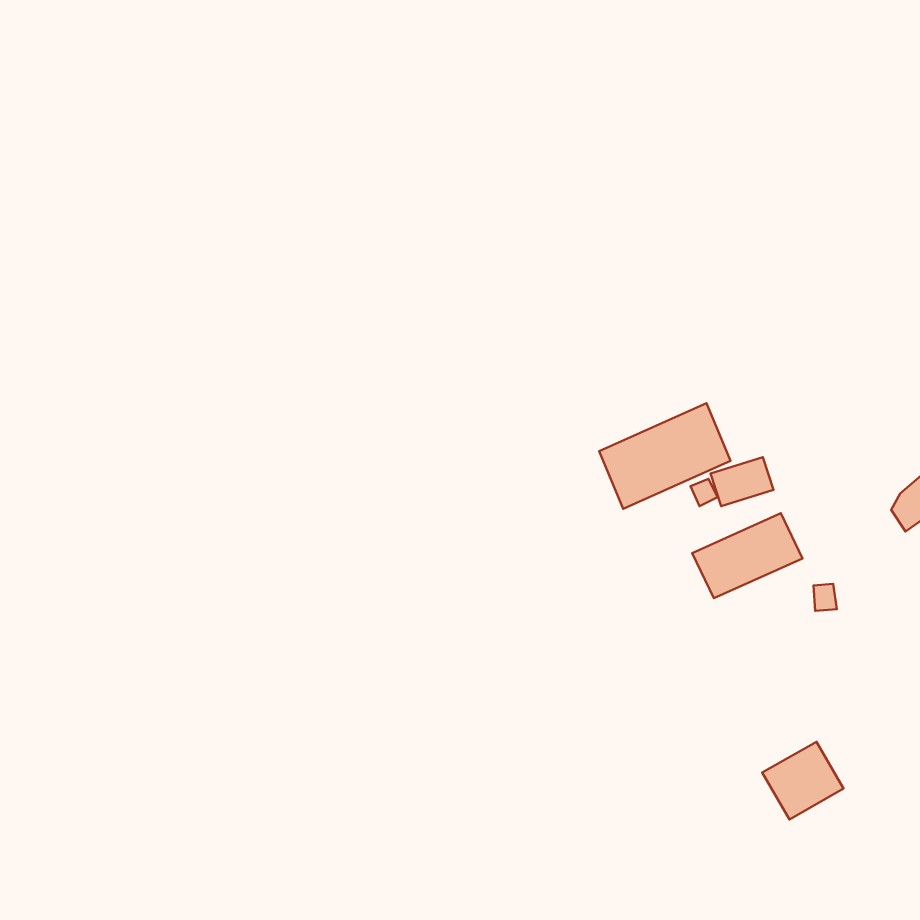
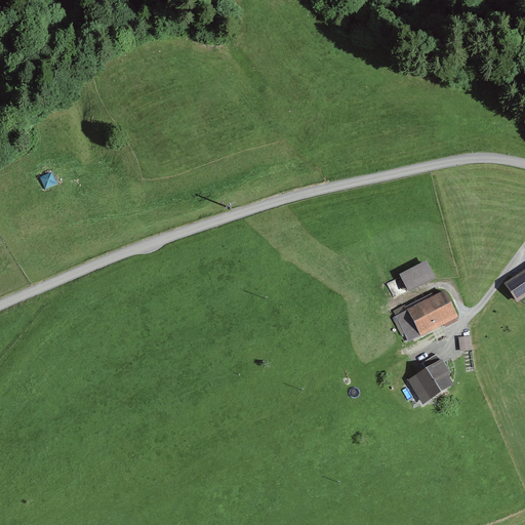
building: [599,403,731,509] -> none
building: [762,742,844,819] -> [405,360,451,404]

